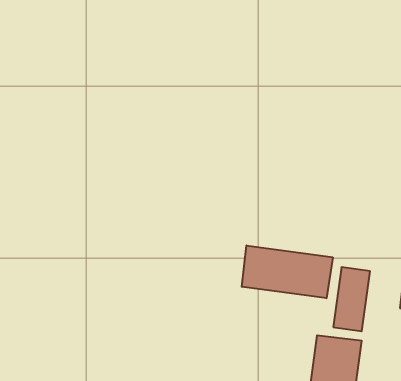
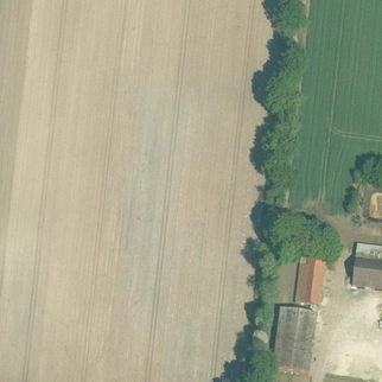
building: [242,245,333,298] -> none

